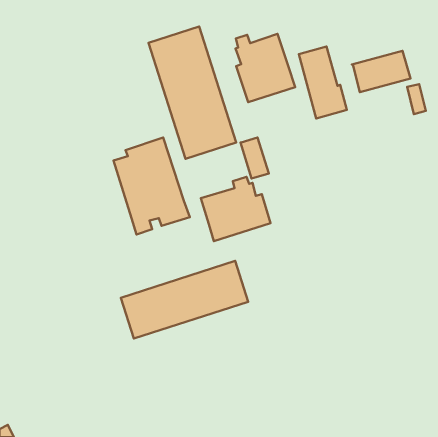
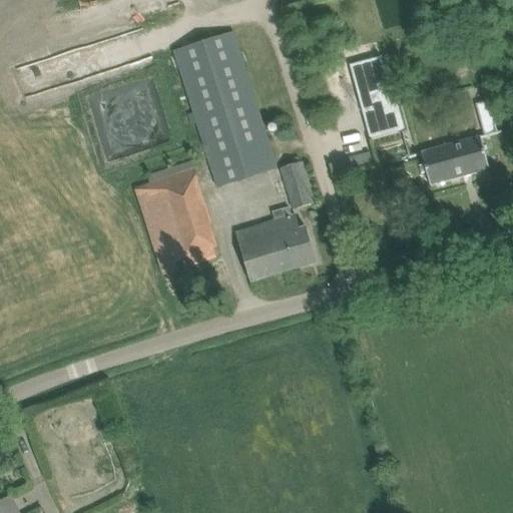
building: [235,34,295,102] -> none
building: [352,51,410,92] -> [420,135,488,183]
building: [121,261,248,339] -> none

